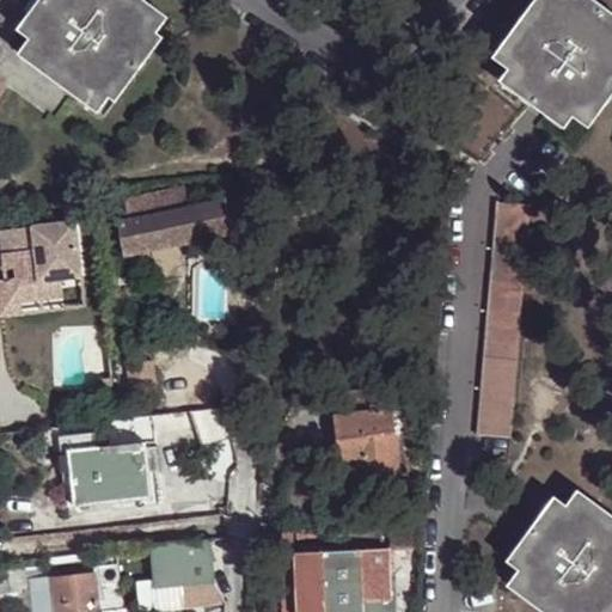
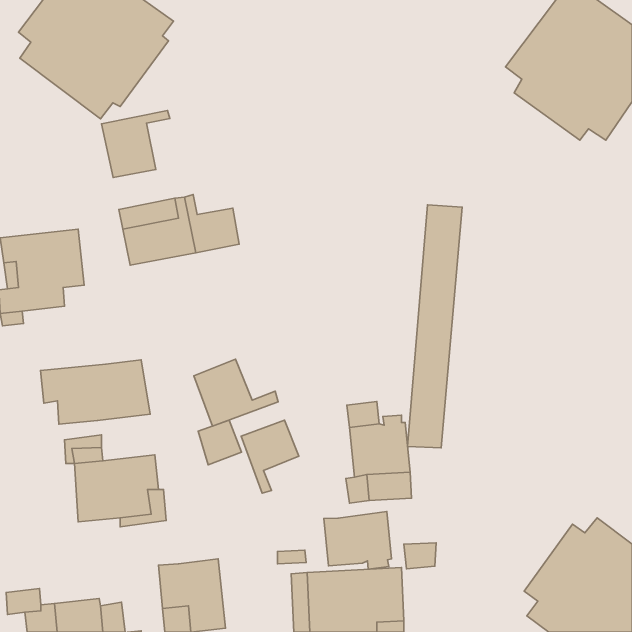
building: none -> [101,111,170,178]
building: [477,202,530,436] -> [408,205,462,448]
building: none -> [194,359,278,426]
building: none -> [40,360,150,424]
building: none -> [241,420,299,493]
building: none -> [324,512,391,569]

